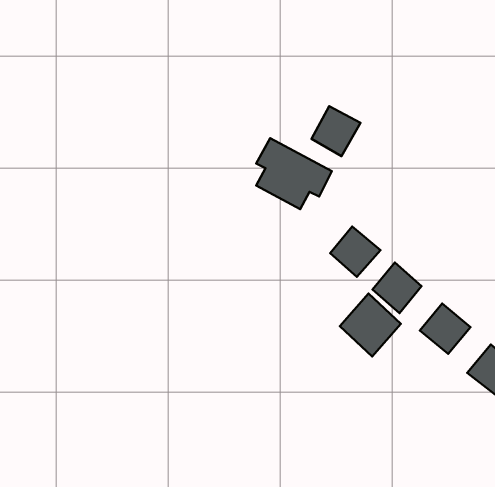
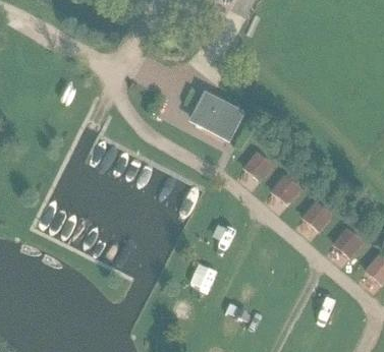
building: [312,106,360,156] -> none
building: [340,294,401,356] -> none

